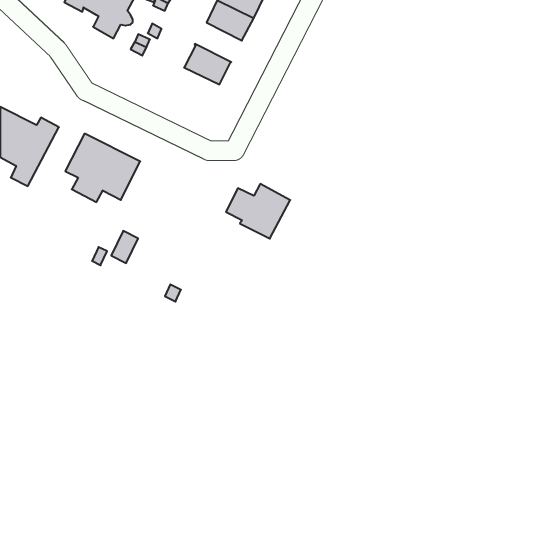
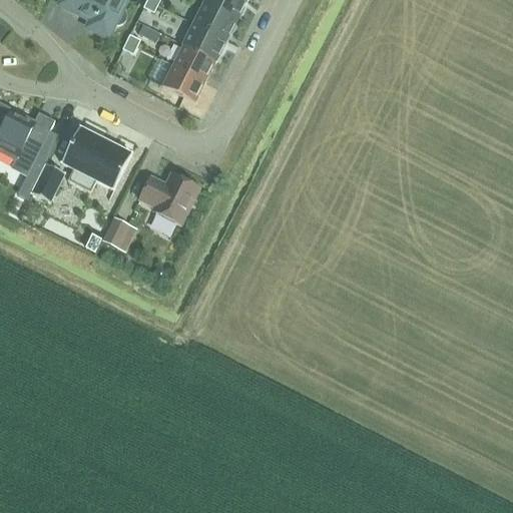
building: none -> [182,21,226,58]
building: none -> [162,63,205,100]
building: none -> [31,162,64,200]
building: [226,184,290,239] -> [139,171,199,222]

